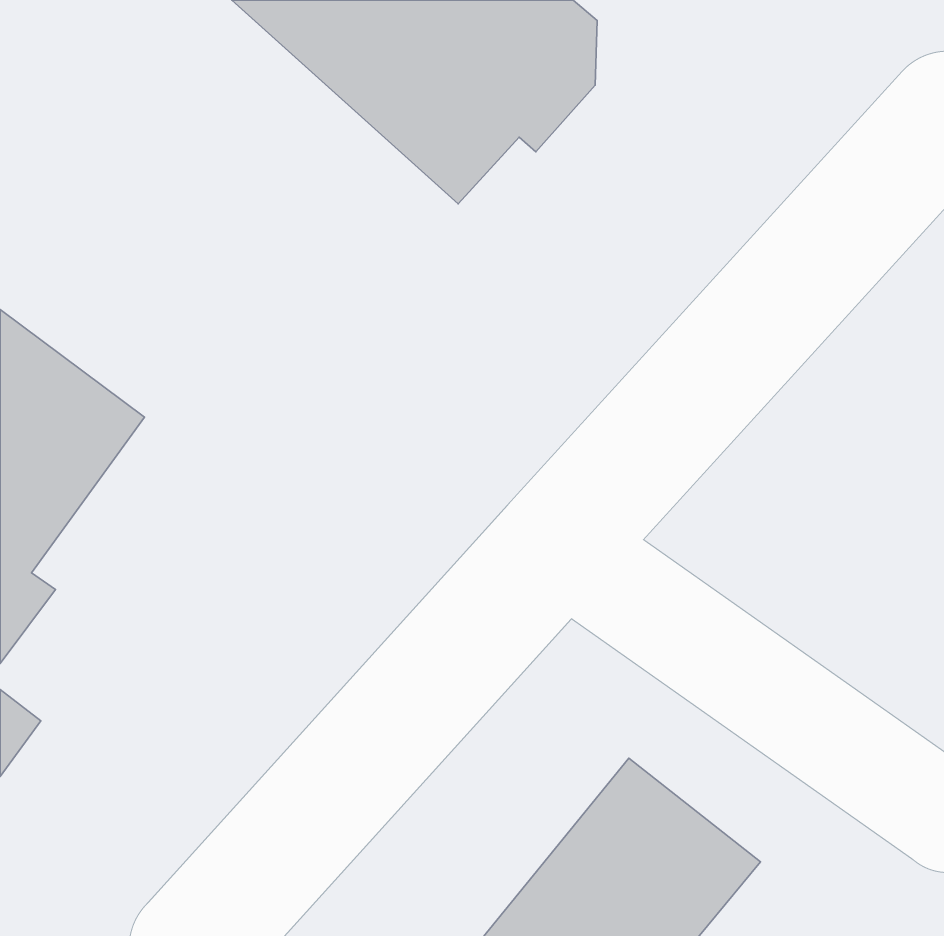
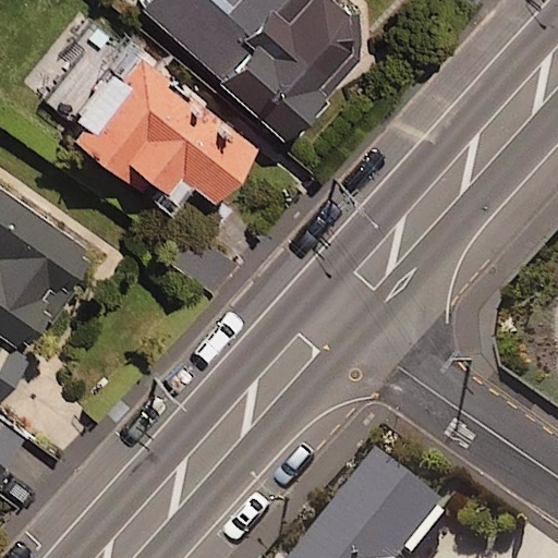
building: none -> [48,35,238,192]

